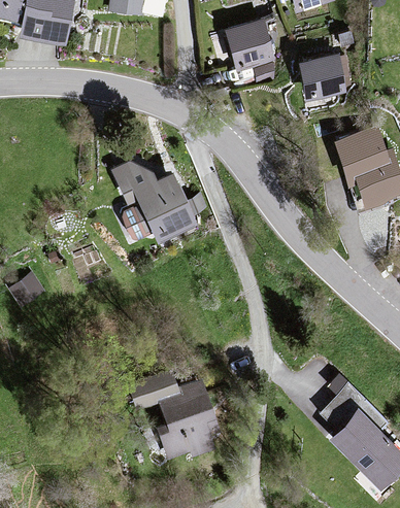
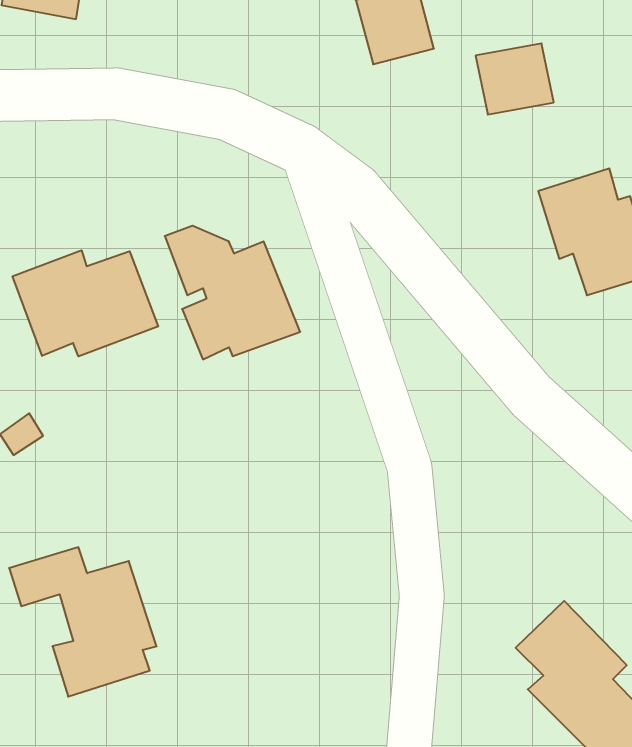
building: none -> [13,250,158,356]
building: [130,375,218,464] -> [9,547,157,697]

